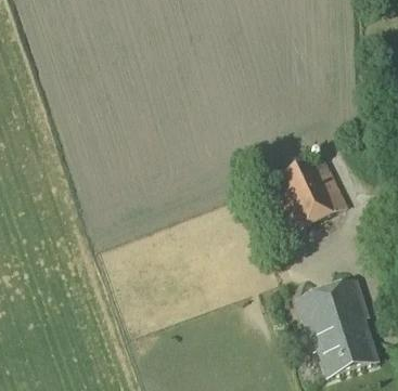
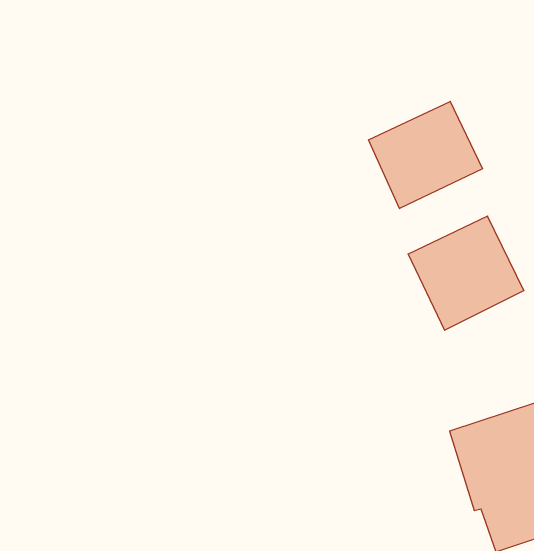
building: none -> [368,101,483,209]

